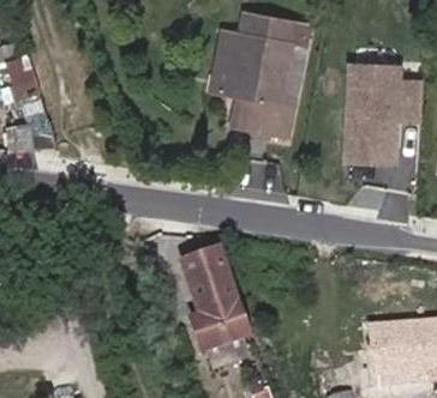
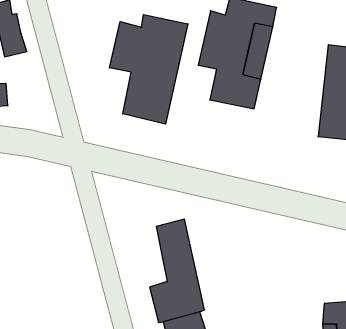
building: none -> [109,15,188,124]

